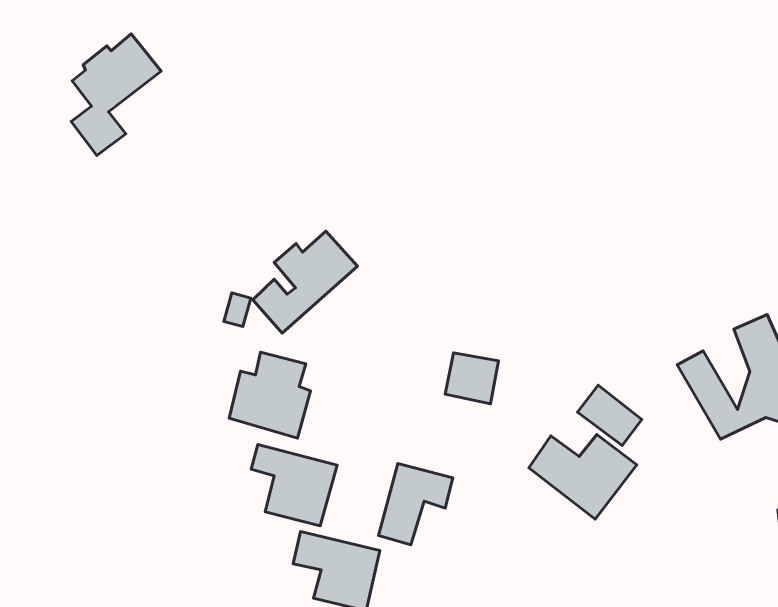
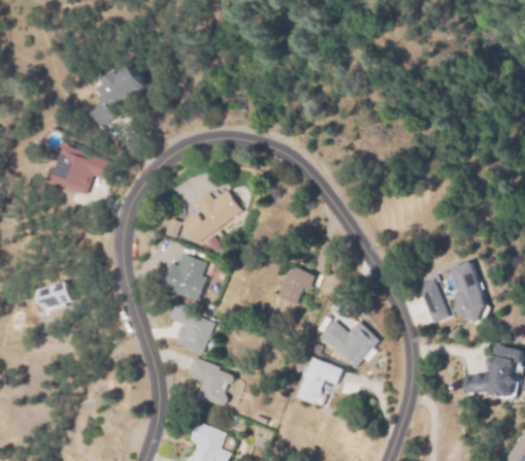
building: none -> [52,143,100,196]
building: [577,385,642,446] -> none
building: none -> [37,282,72,310]
building: [378,464,453,545] -> [298,357,343,403]

